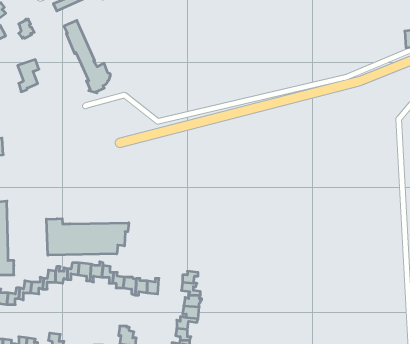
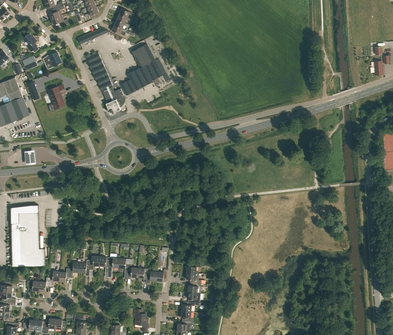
building: none -> [121,44,163,95]
building: [46,219,129,255] -> none

